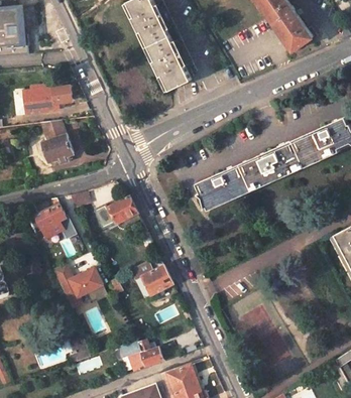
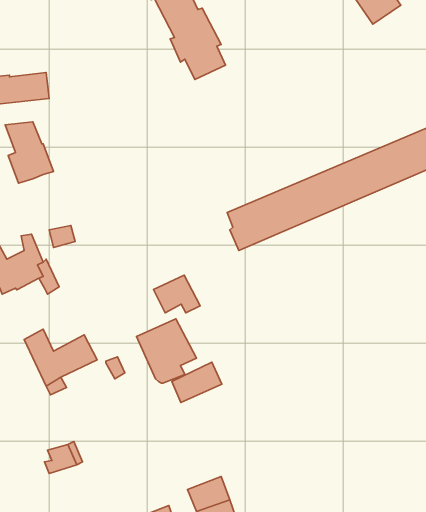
building: [107,197,139,224] -> [154,275,200,313]
building: none -> [172,362,222,402]
building: [124,339,161,372] -> none

